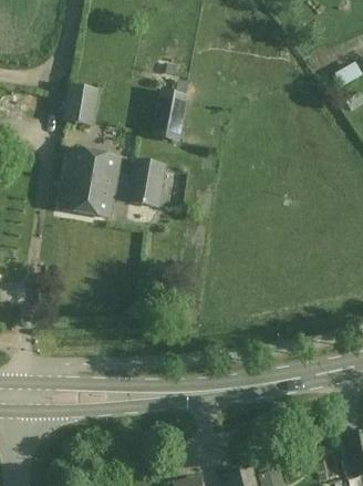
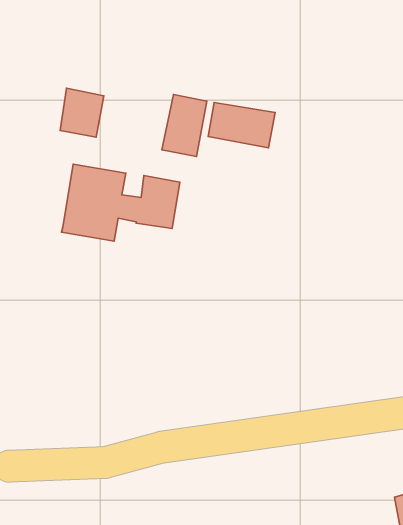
building: none -> [208,103,275,148]

